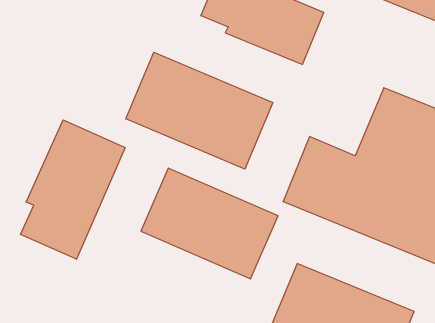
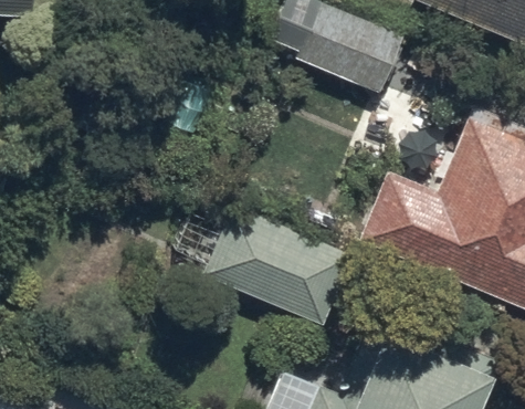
building: [126,52,273,169] -> none
building: [21,120,125,259] -> none

